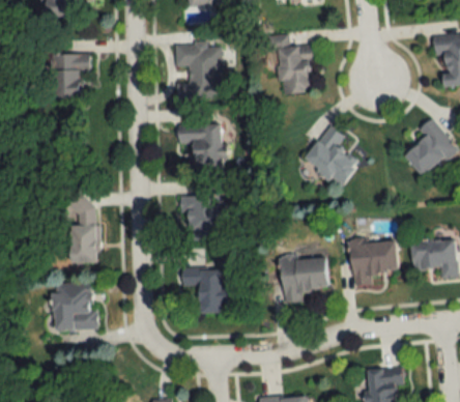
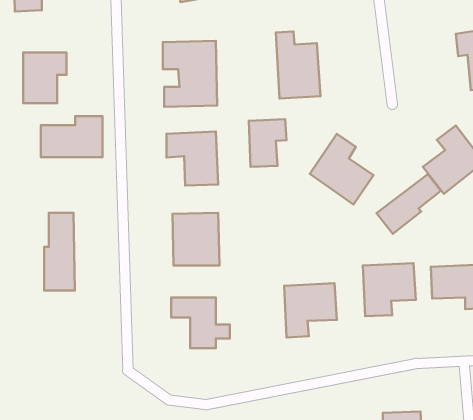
building: none -> [41,116,102,157]
building: none -> [249,119,286,167]
building: none -> [376,174,441,234]
building: [53,282,95,331] -> none

